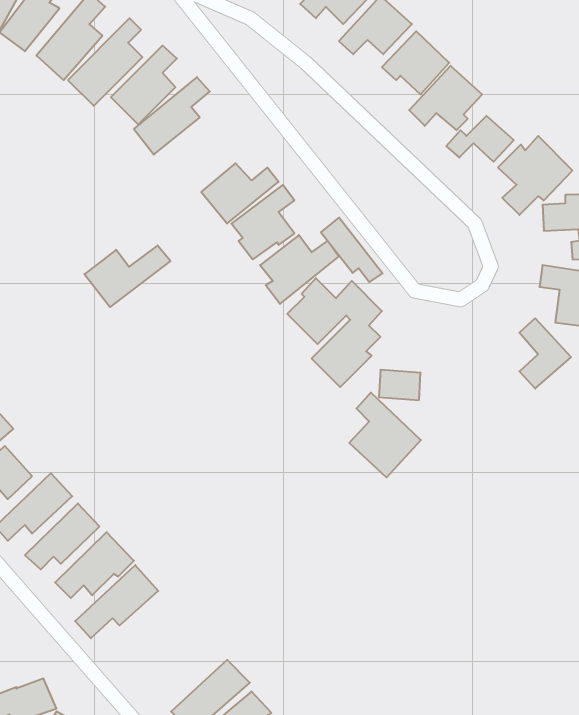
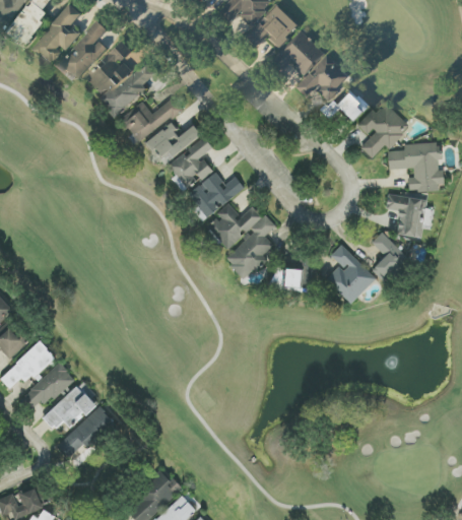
building: [321,218,383,282] -> none
building: [84,245,170,307] -> [121,99,182,142]
building: [349,393,421,477] -> [325,245,376,305]

